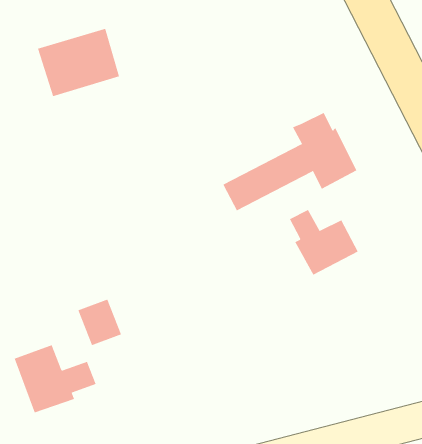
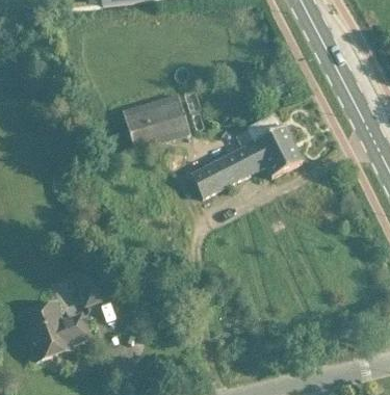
building: [37,28,120,97] -> [122,95,189,151]
building: [289,209,359,275] -> none

